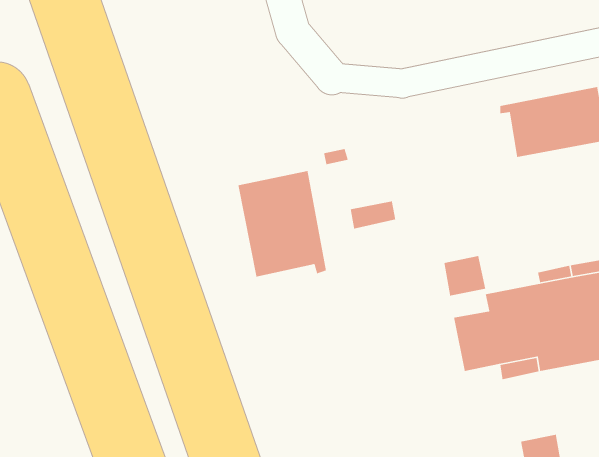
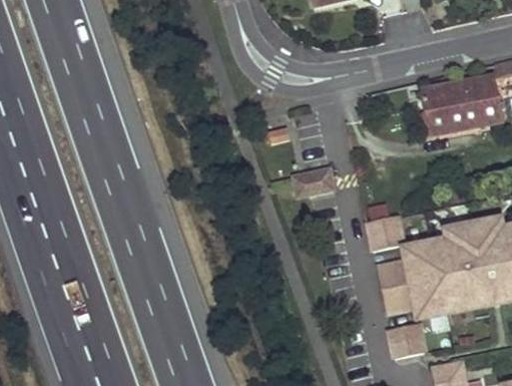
building: [237,170,327,277] -> none
building: none -> [390,322,425,356]

